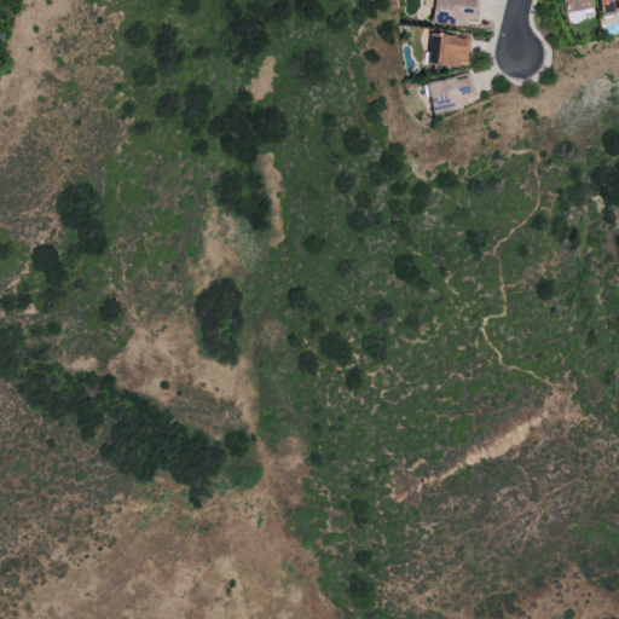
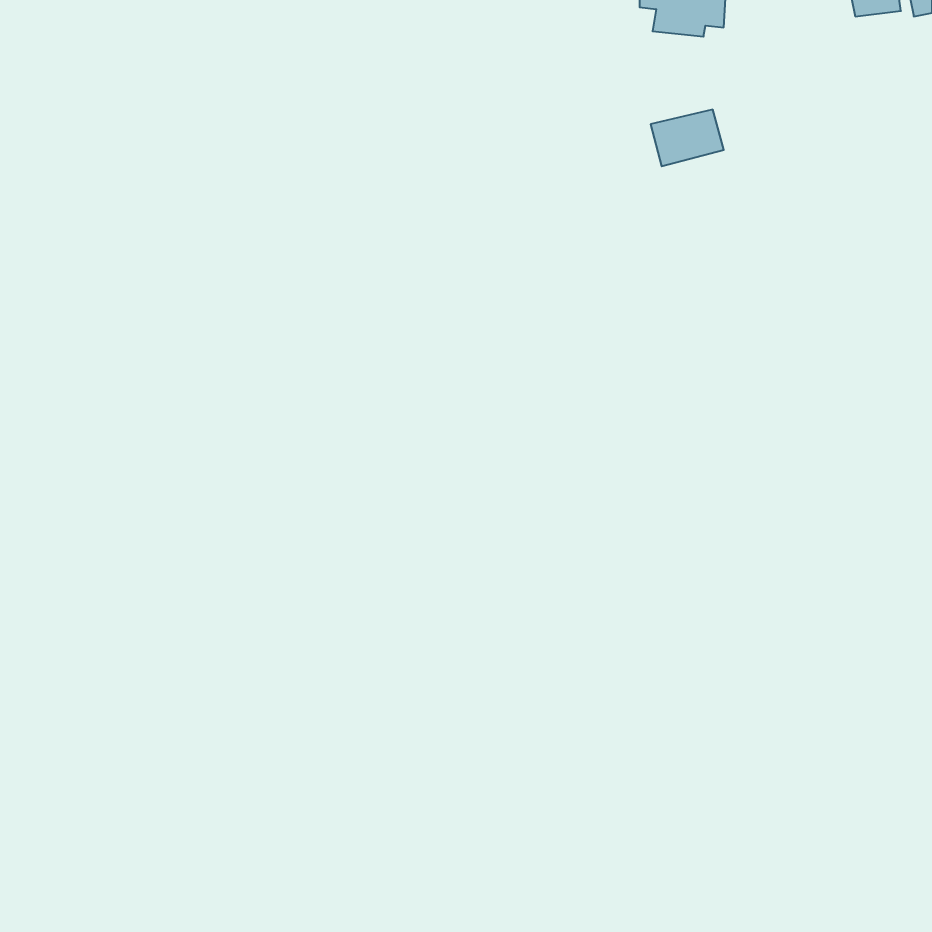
building: [423,33,470,63] -> none

